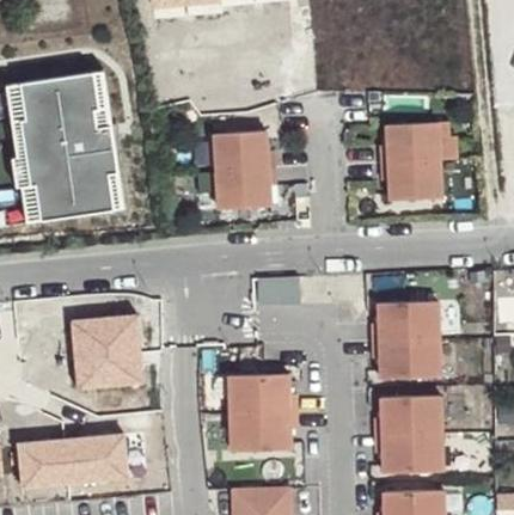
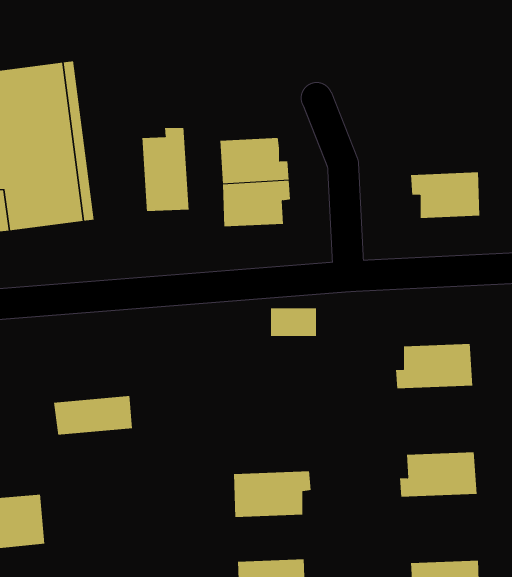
building: none -> [142,127,189,212]
building: [383,119,460,160] -> none
building: [71,313,140,358] -> none
building: [372,344,440,385] -> none
building: [228,381,296,421] -> none
building: [62,433,127,482] -> none
building: [375,439,443,479] -> none

